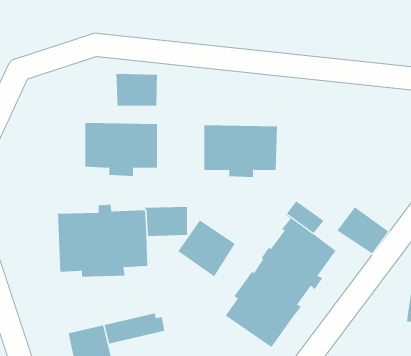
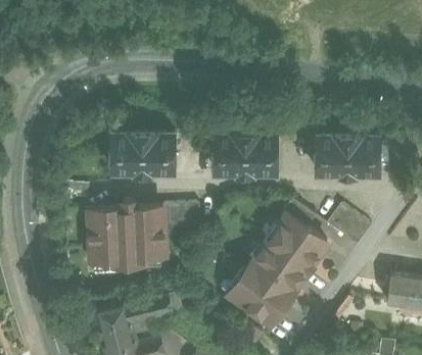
building: [116,73,157,107] -> none
building: none -> [317,135,379,180]
building: [178,220,235,277] -> none

